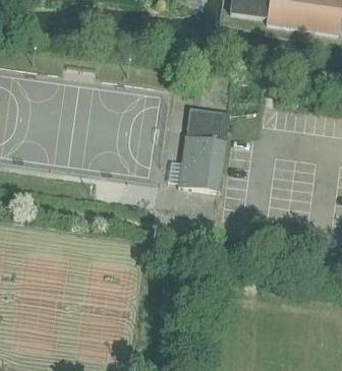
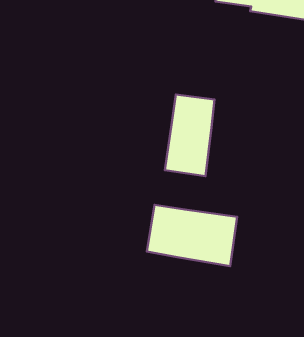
building: none -> [147,205,237,266]

